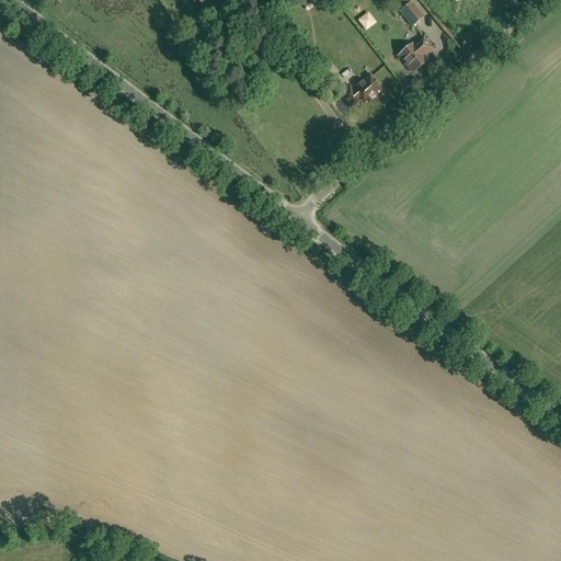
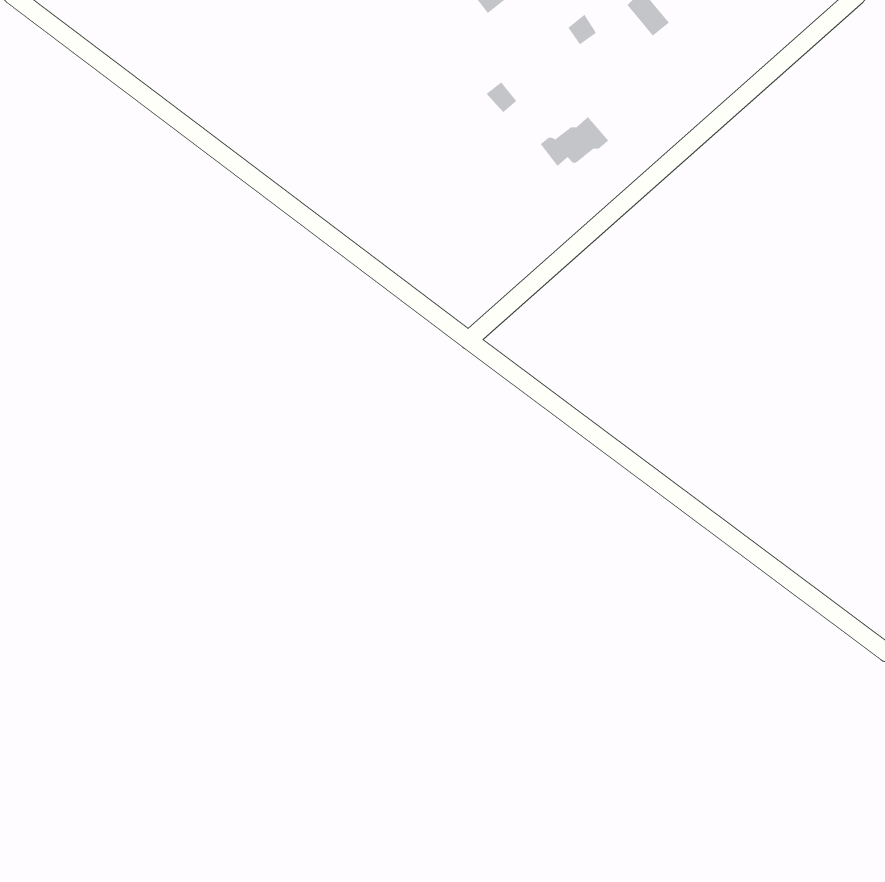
building: [400,35,434,70] -> none

